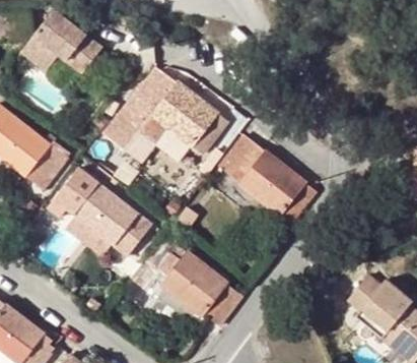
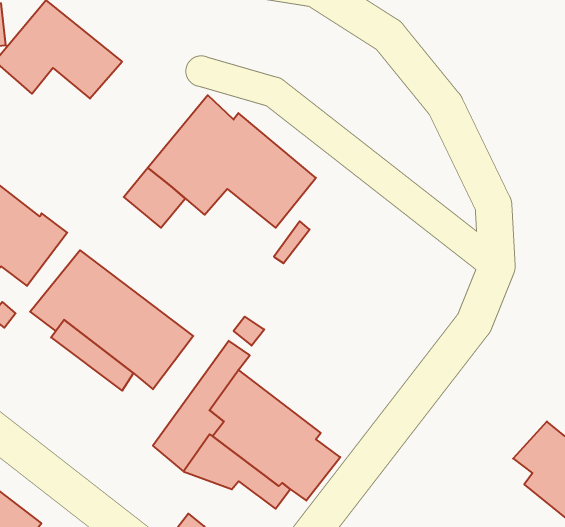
building: [220,135,314,221] -> none

